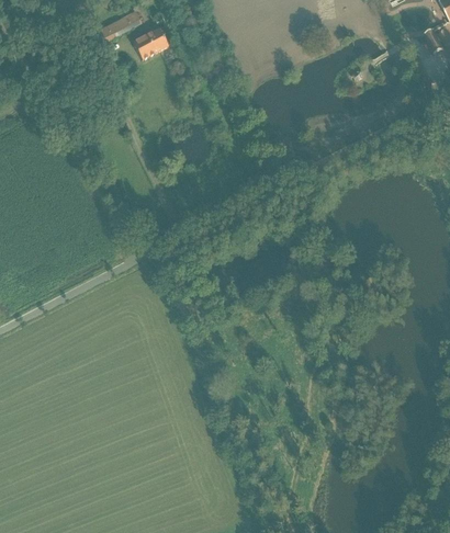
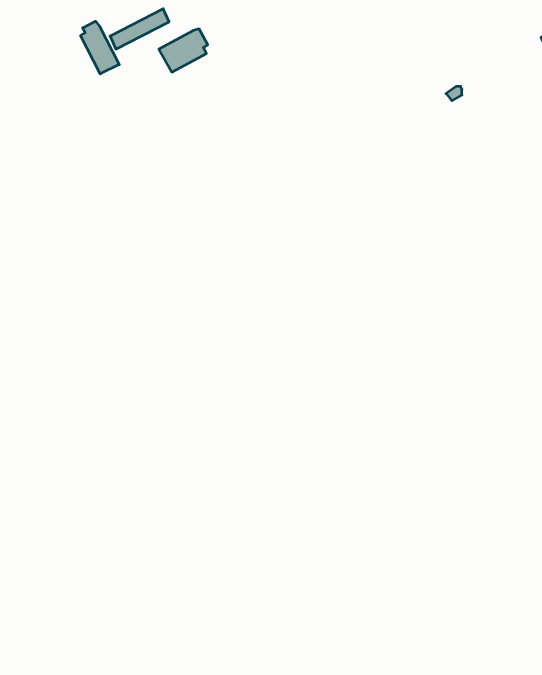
building: none -> [81,21,119,74]

